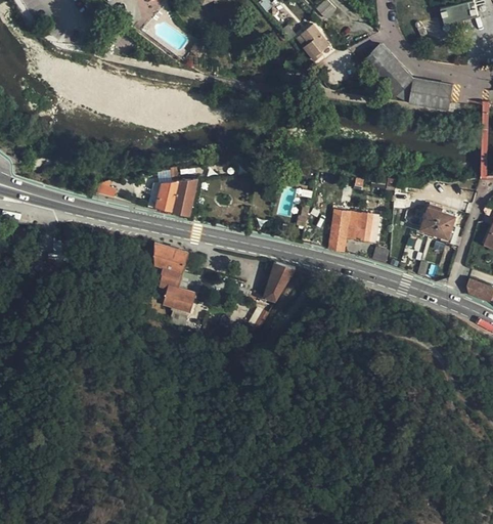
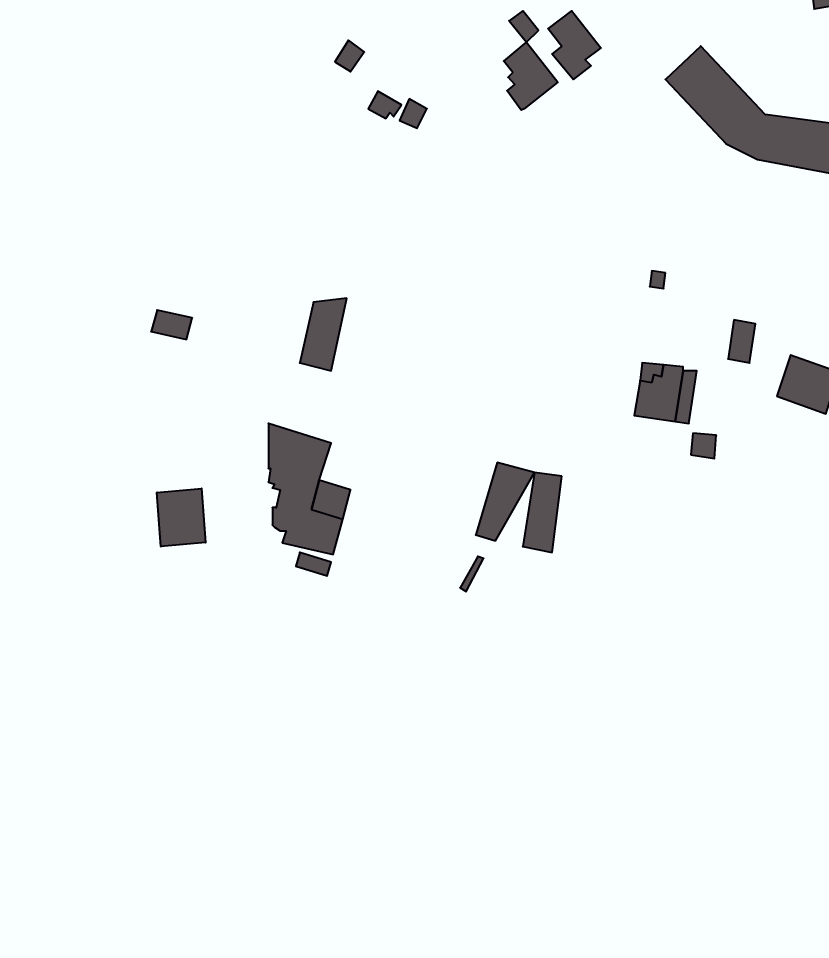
building: none -> [504,42,558,110]
building: [147,178,179,210] -> none
building: [328,209,349,251] -> [523,472,562,552]
building: none -> [157,488,206,547]

